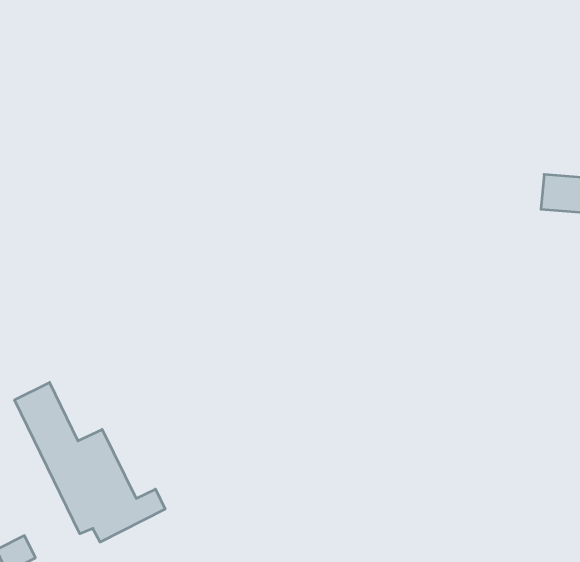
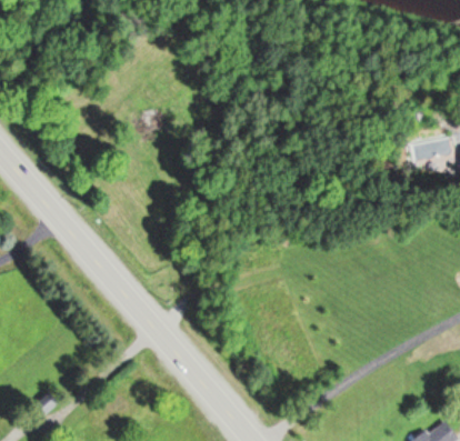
building: [15,382,165,542] -> none

